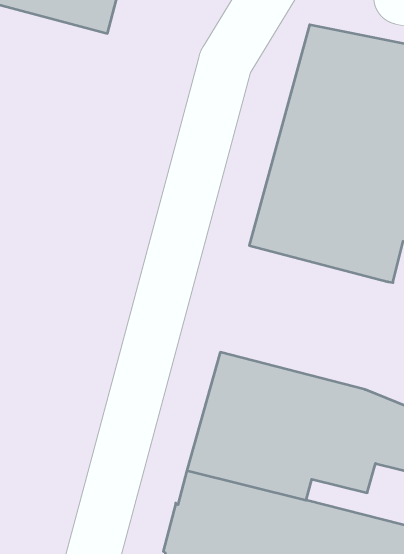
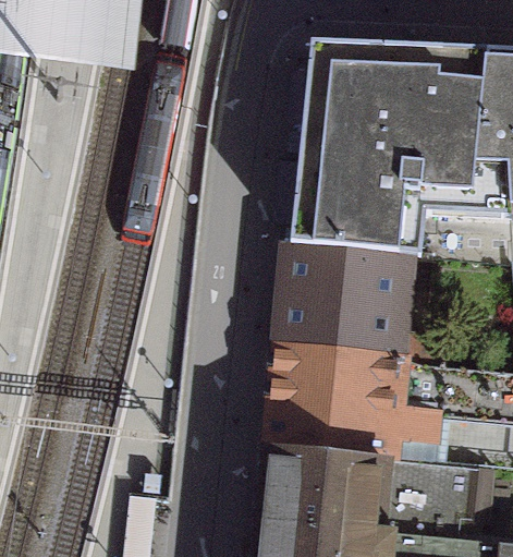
building: none -> [279,242,418,354]

